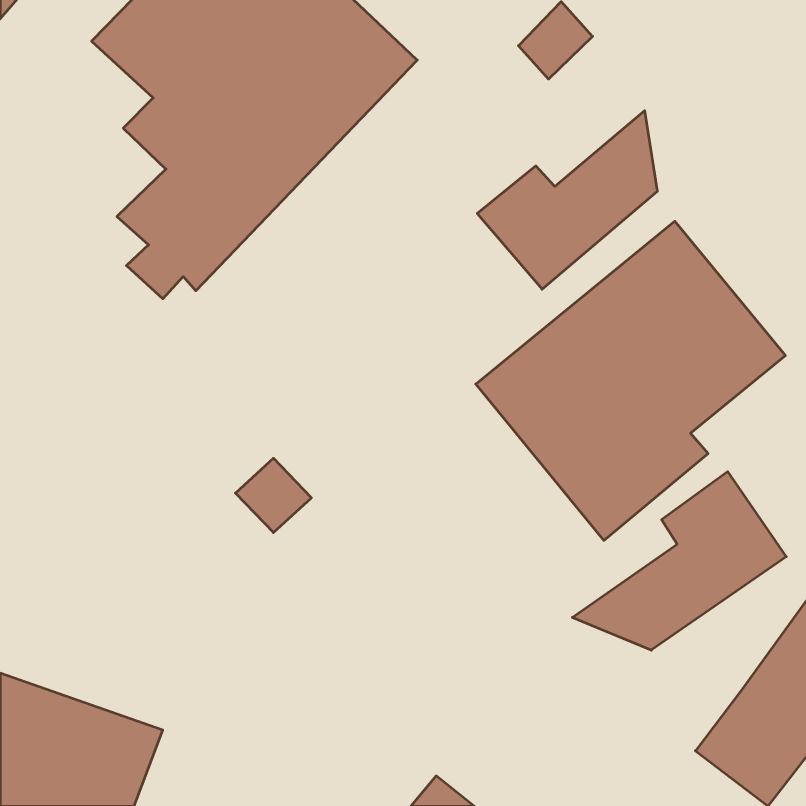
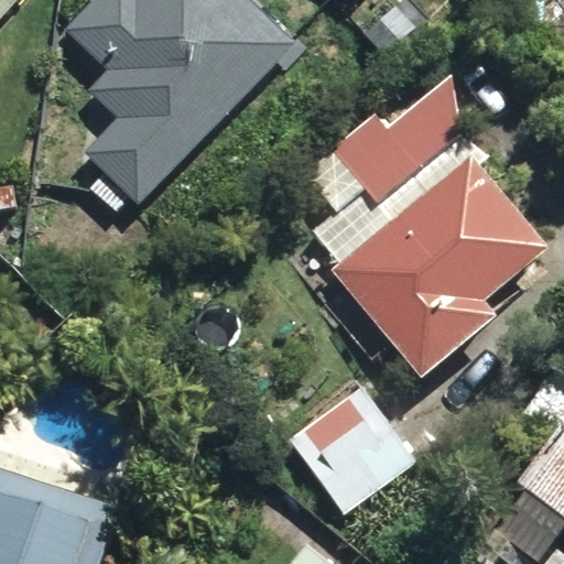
building: [572,472,786,650] -> none
building: none -> [282,386,419,524]

